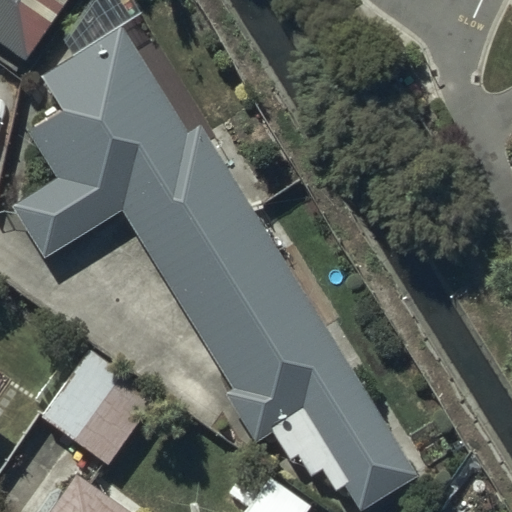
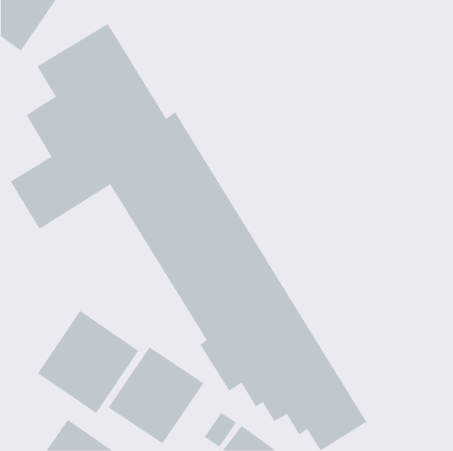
building: none -> [108,346,204,444]

